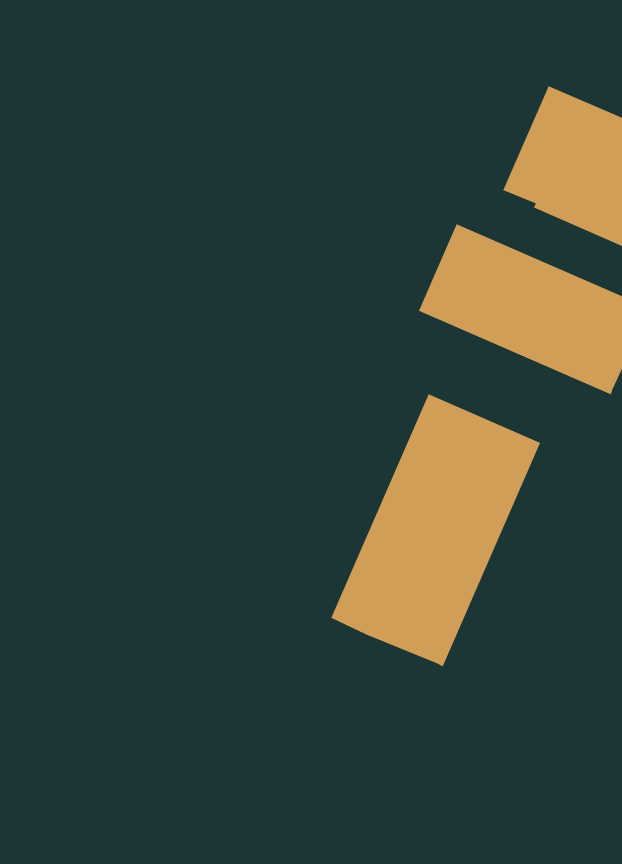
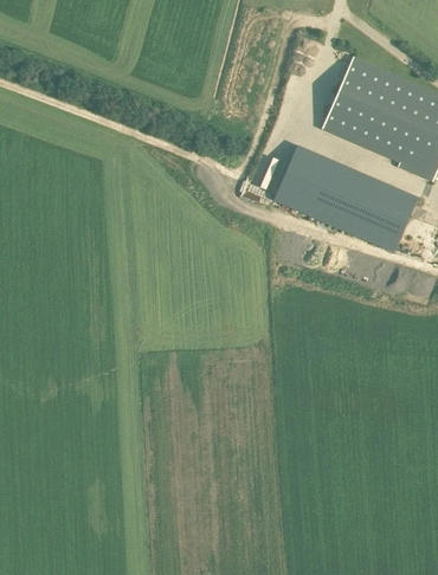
building: [330,393,541,668] -> none

